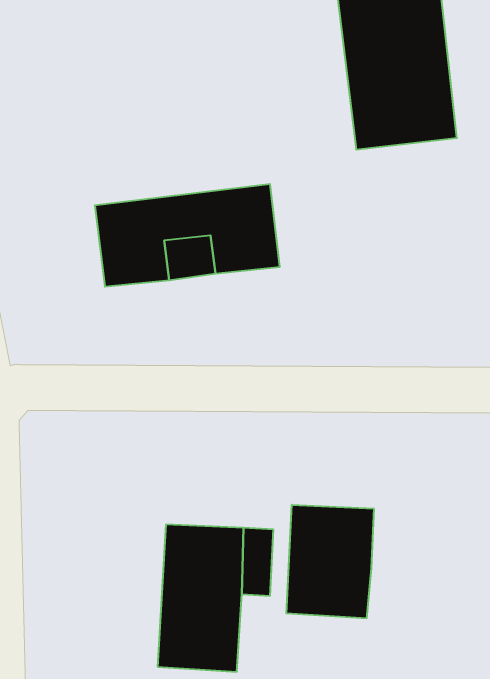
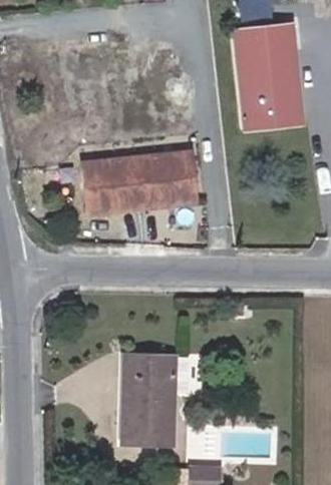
building: [286,505,374,618] -> none

